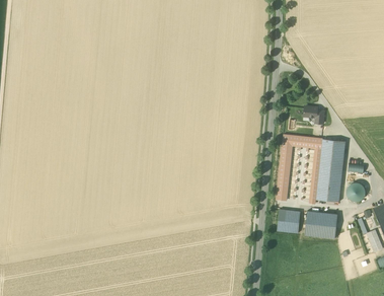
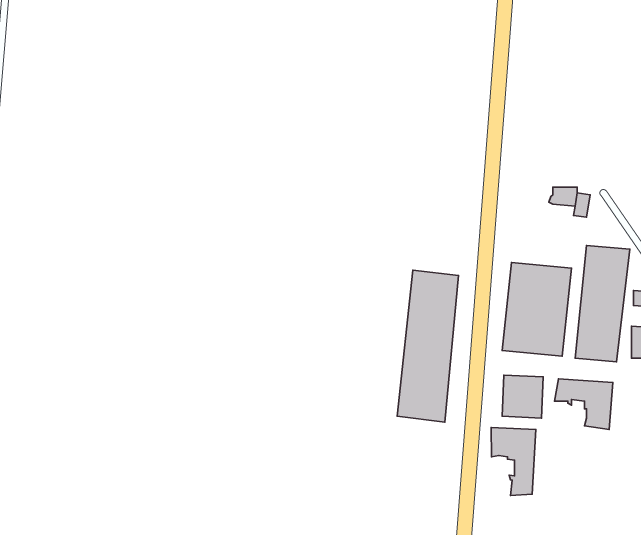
building: none -> [397,270,458,422]
building: none -> [491,427,536,496]

